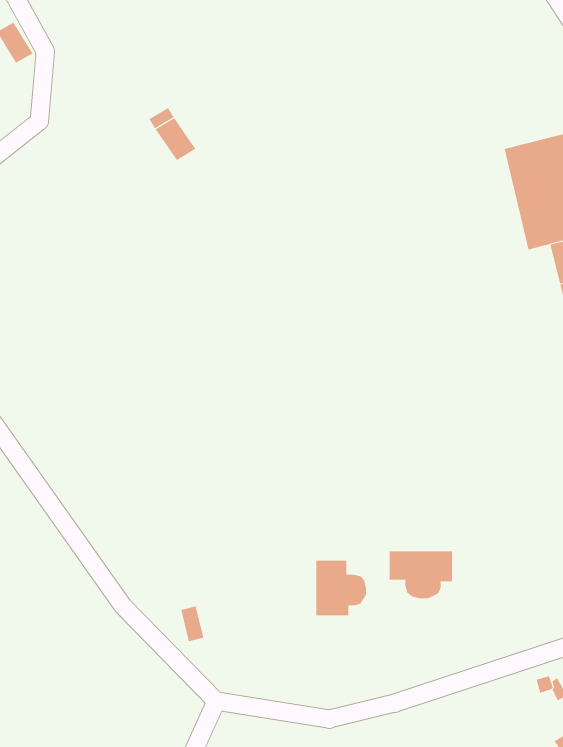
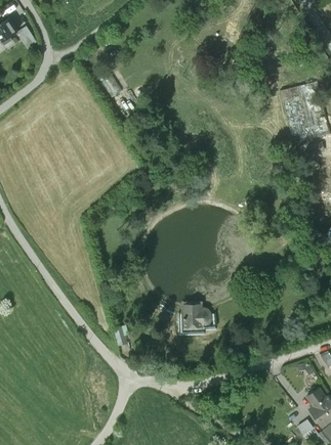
building: [389,551,452,599] -> none

